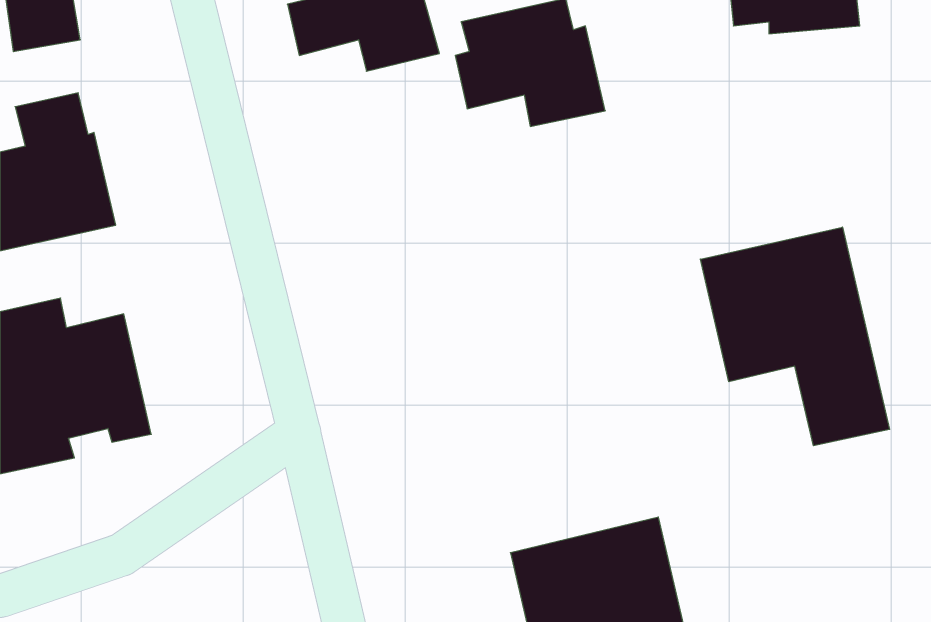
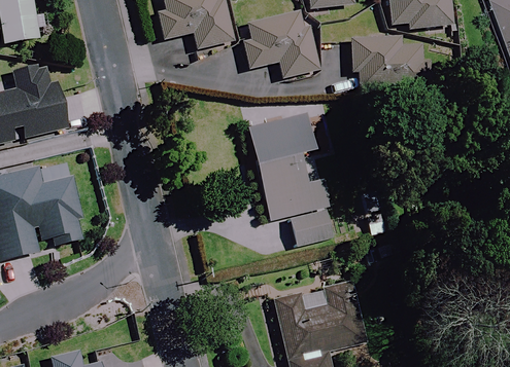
building: none -> [351,36,432,87]
building: none -> [246,111,333,245]
building: [700,227,890,446] -> none

